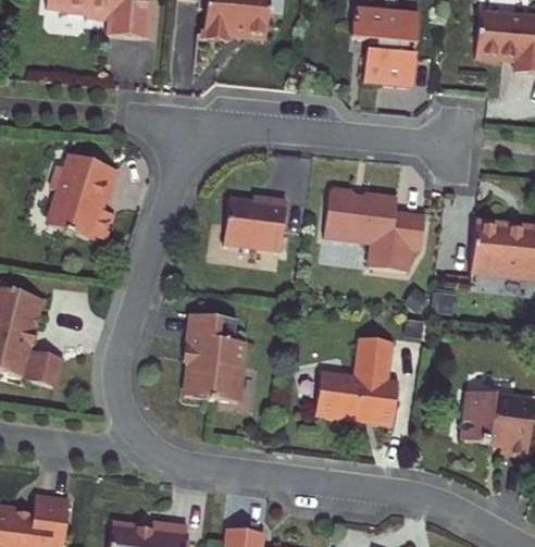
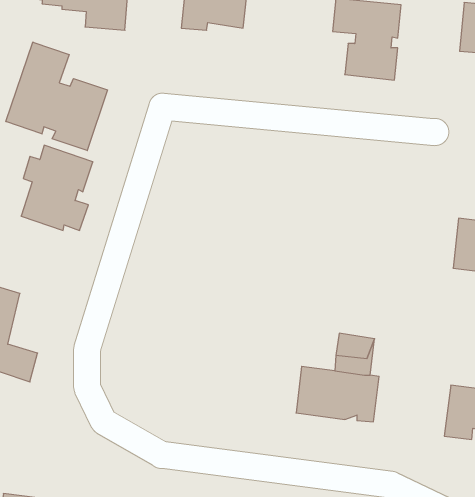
building: none -> [6,42,107,151]
building: [323,192,423,273] -> none
building: [211,196,274,247] -> none
building: [183,311,246,400] -> none

